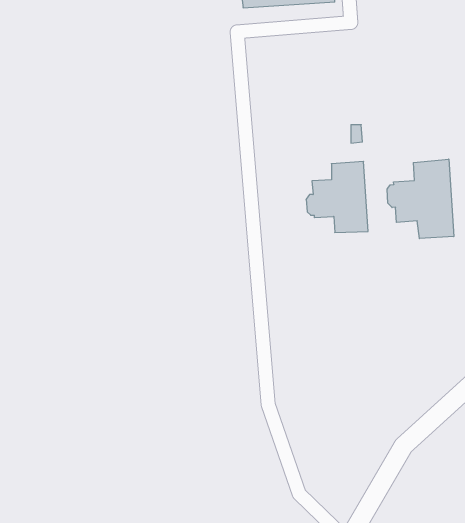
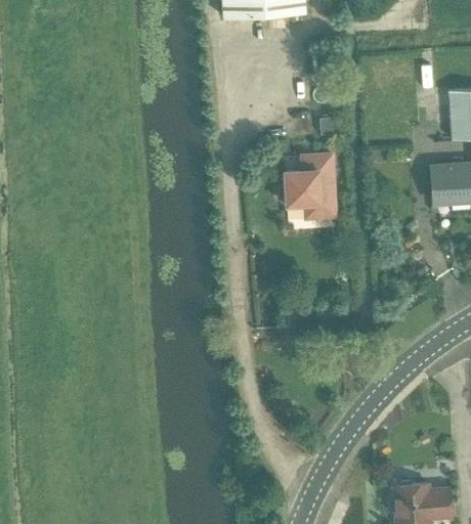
building: [387,159,454,239] -> none

